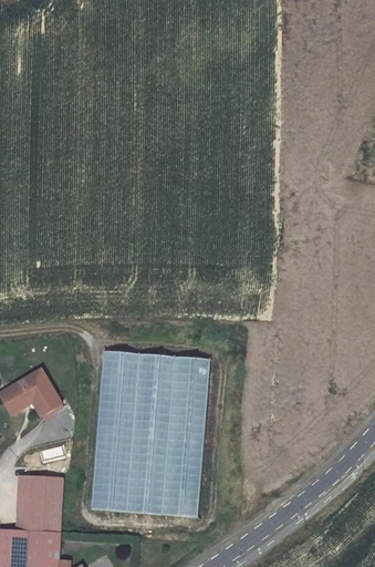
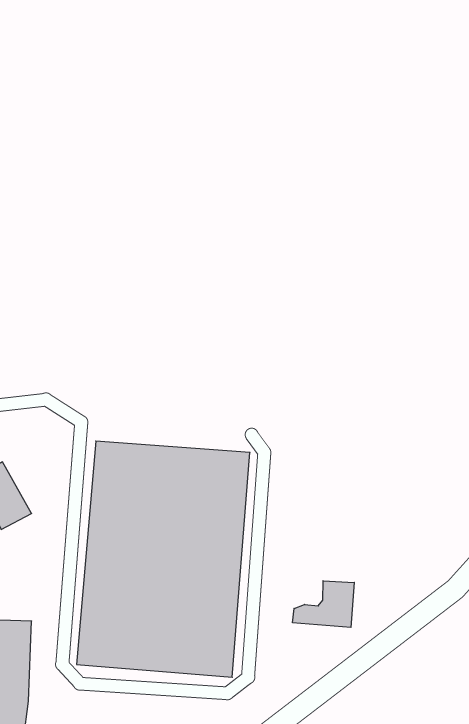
building: none -> [293,581,354,627]

